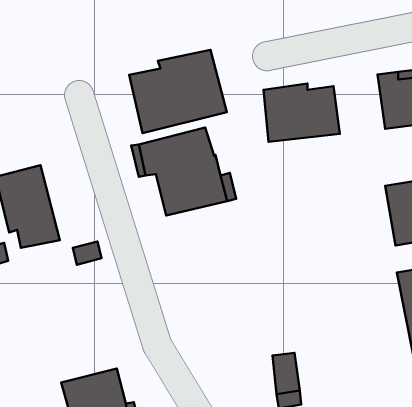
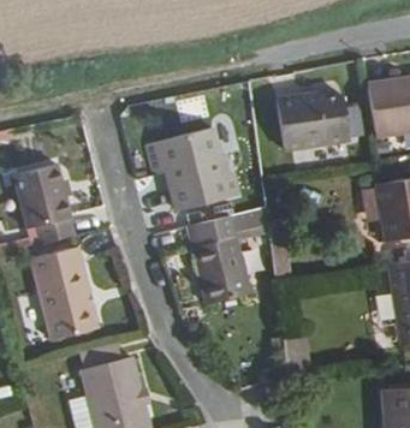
building: [129,50,227,133] -> none
building: none -> [189,215,251,304]
building: none -> [34,246,100,339]

